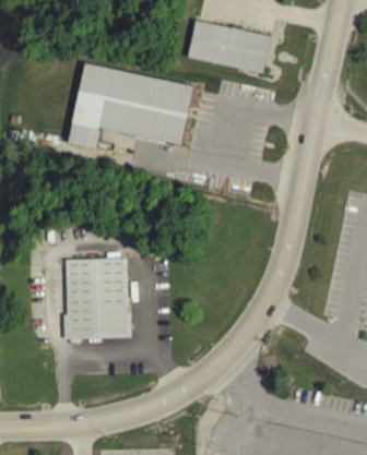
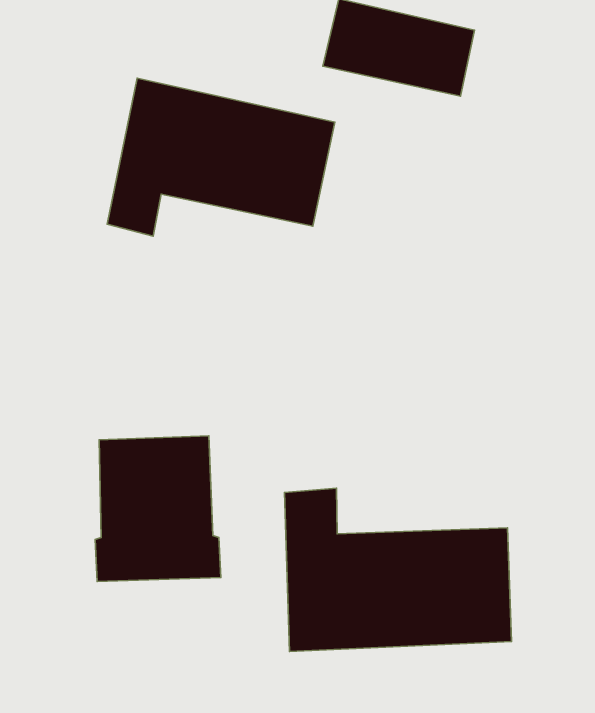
building: none -> [285,488,512,652]

